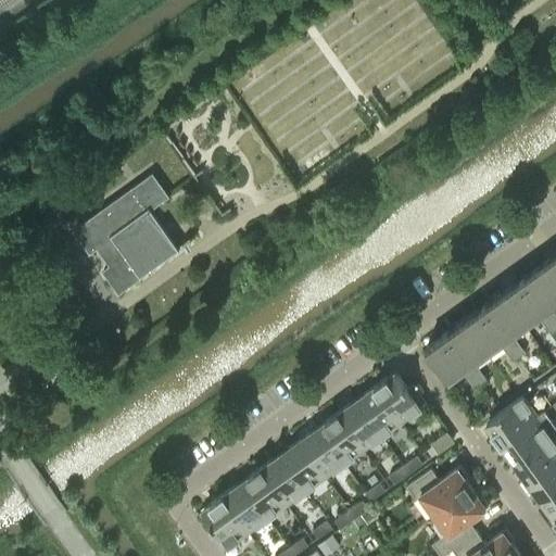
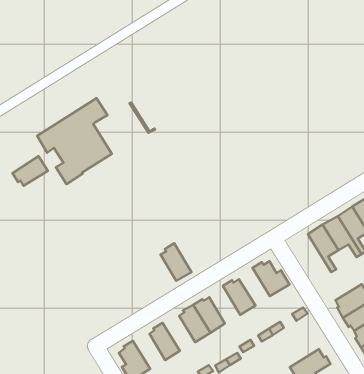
building: none -> [13,156,48,186]
building: [426,336,481,390] -> none
building: [358,387,402,437] -> none
building: [320,414,364,464] -> [160,243,192,281]
building: [261,458,306,505] -> none
building: [407,467,472,516] -> none
building: [223,485,268,532] -> none

